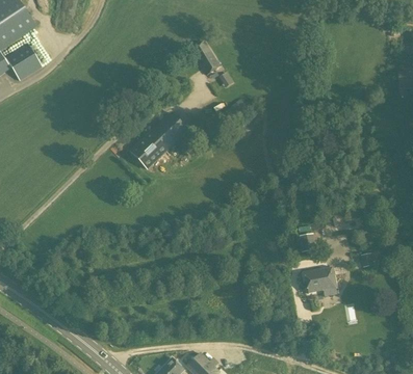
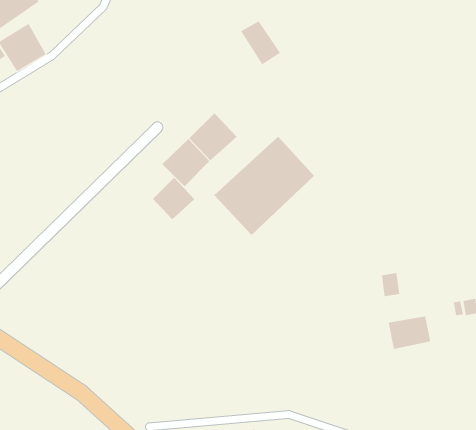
building: none -> [213,136,315,236]
building: none -> [152,177,195,220]

